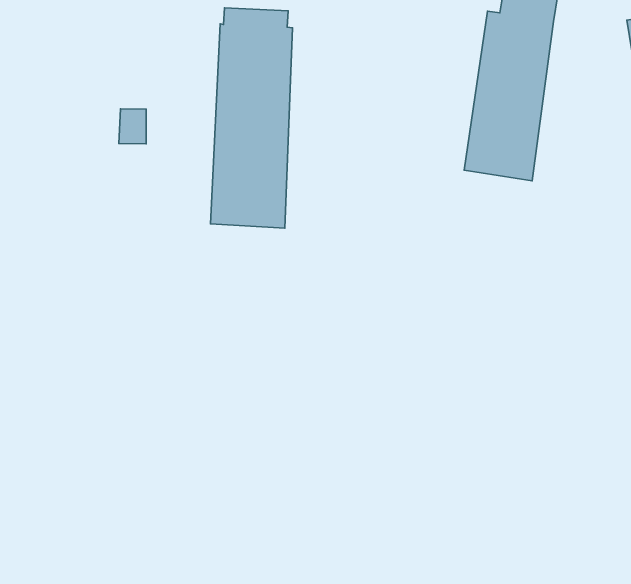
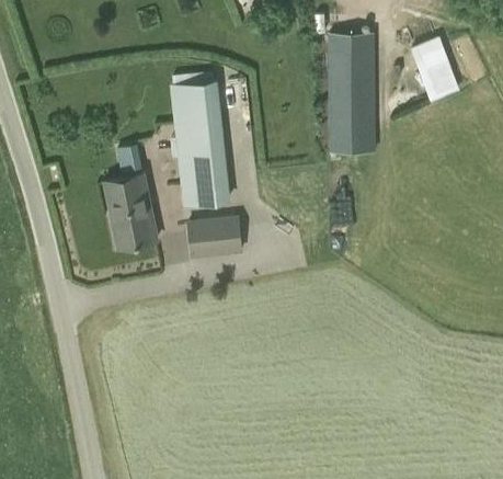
building: none -> [104,175,152,247]
building: none -> [185,217,242,259]

